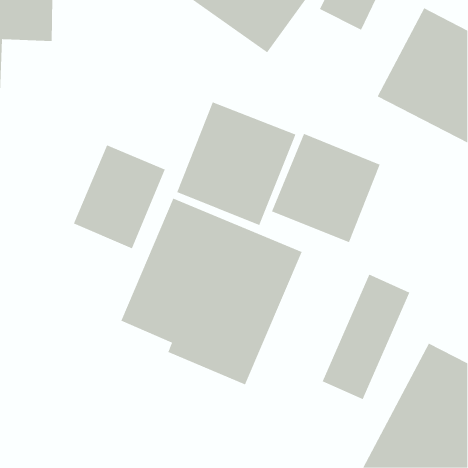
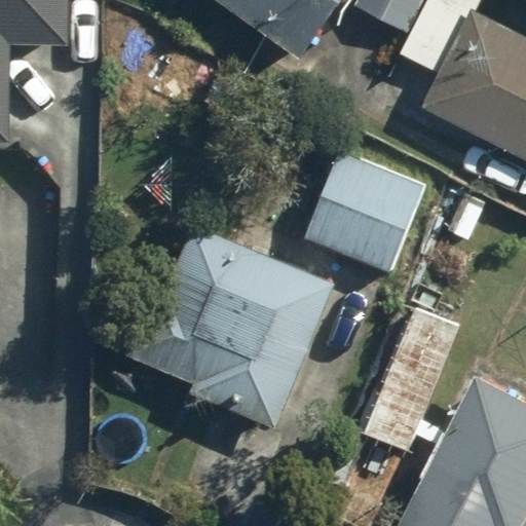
building: [176,102,296,226] -> none
building: [73,144,166,249] -> none

